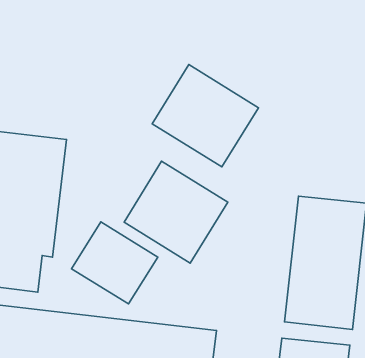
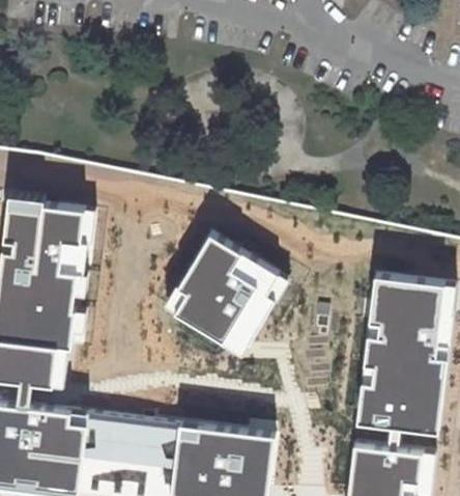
building: [152,65,258,167] -> none
building: [72,222,158,304] -> none

